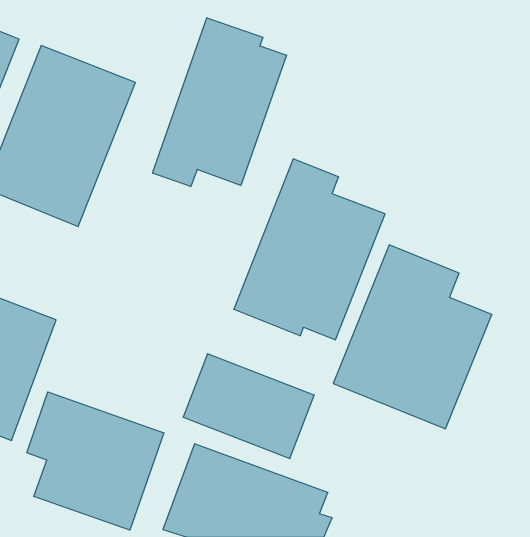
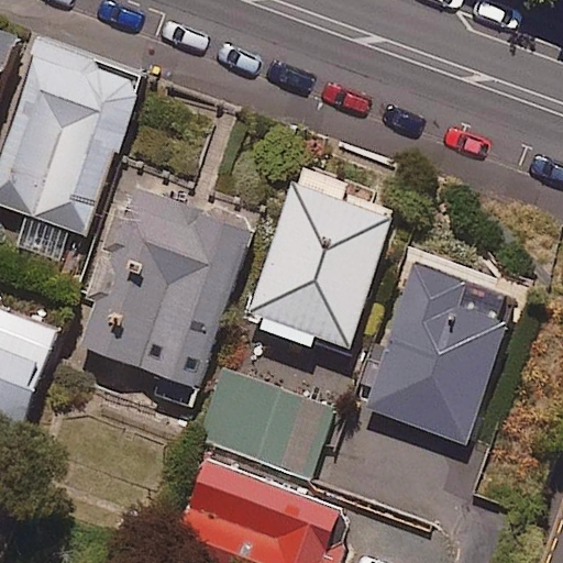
building: [153,18,287,187] -> none
building: none -> [71,184,251,406]
building: [27,392,164,530] -> none

